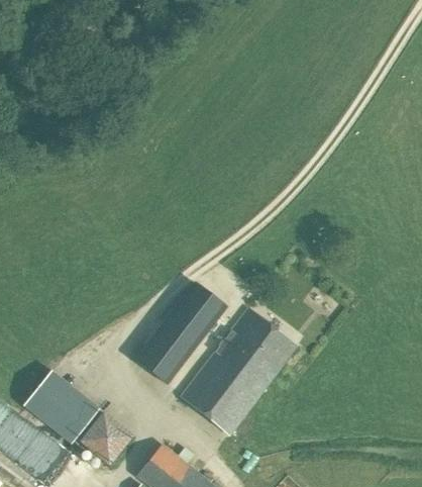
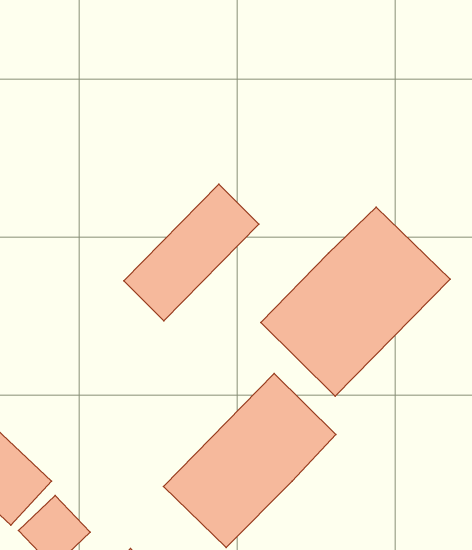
building: none -> [261,207,450,396]
building: [135,283,227,386] -> [124,184,259,321]

